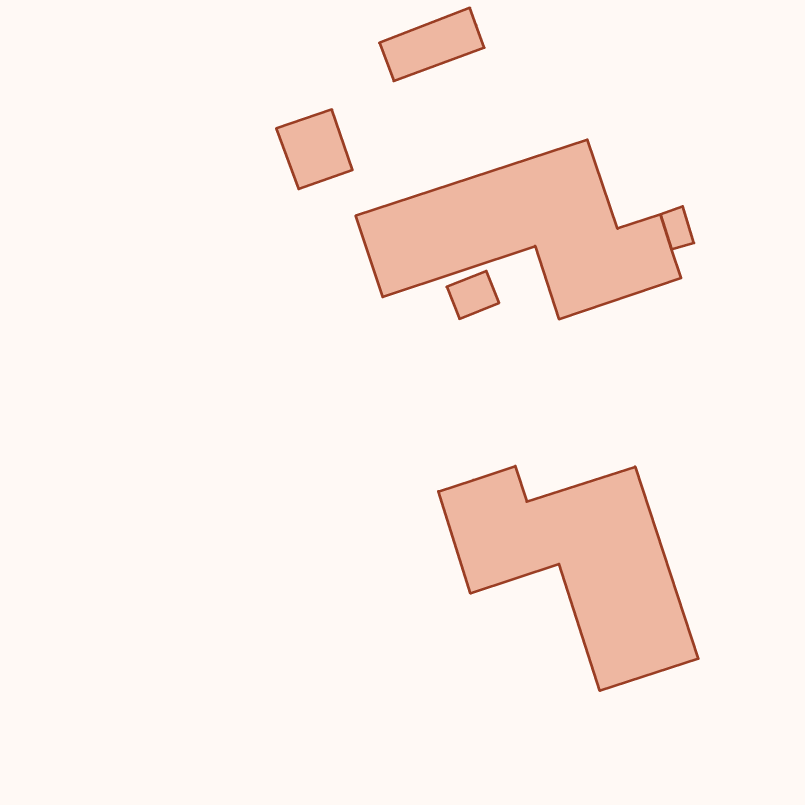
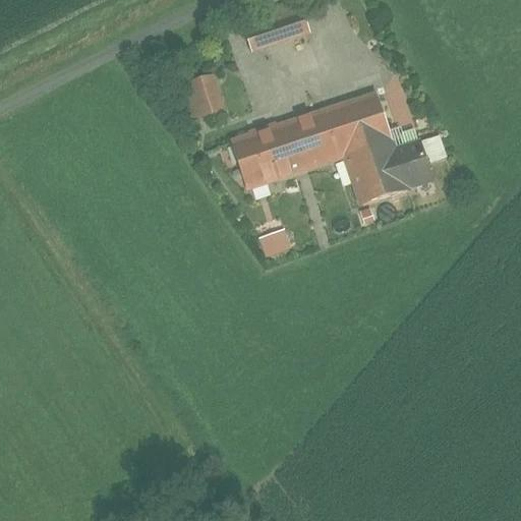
building: [447,271,499,319] -> [257,226,291,256]
building: [438,466,698,691] -> none

